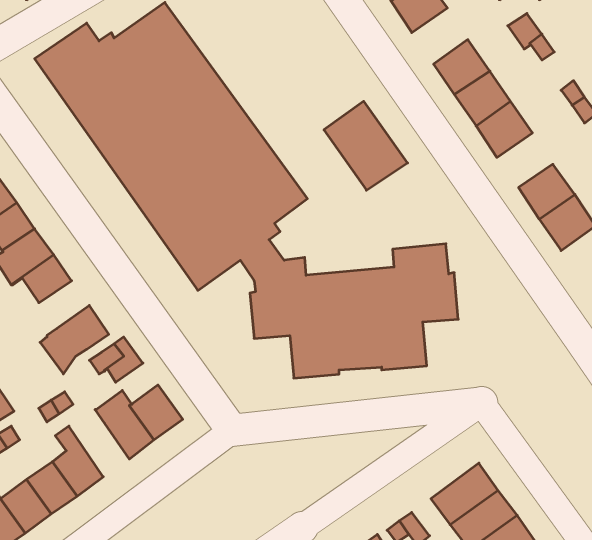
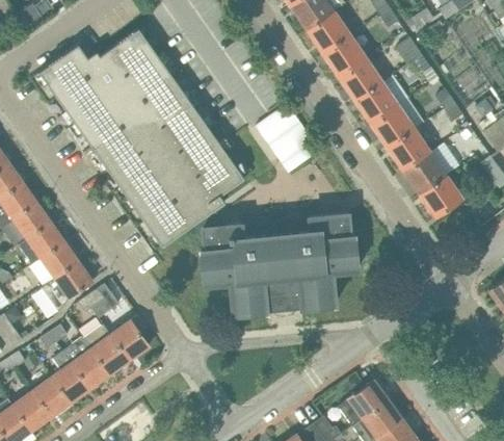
building: none -> [323,34,366,77]
building: none -> [388,129,430,171]
building: none -> [41,241,79,283]
building: none -> [63,337,109,390]

